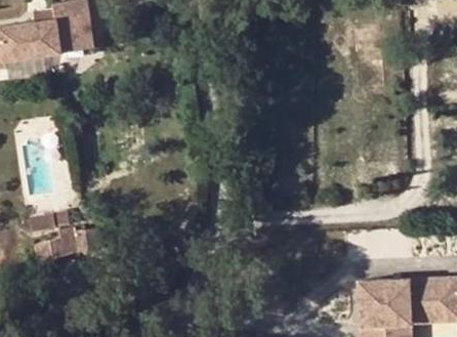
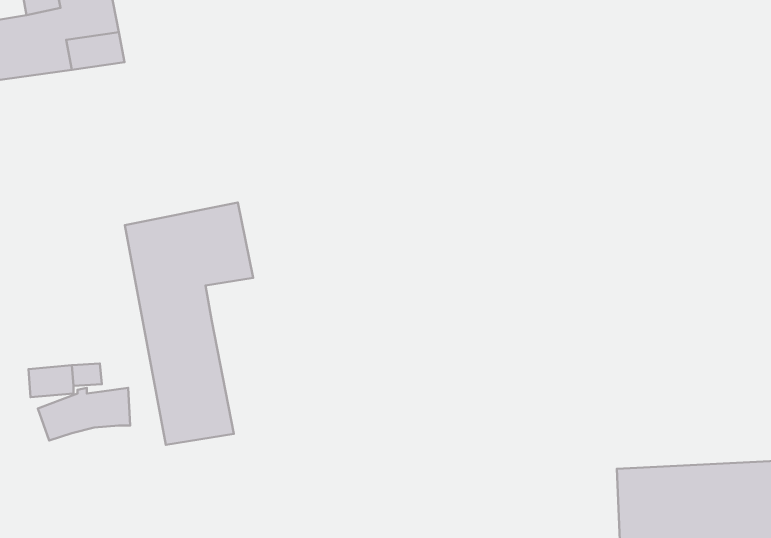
building: none -> [125,203,253,445]

